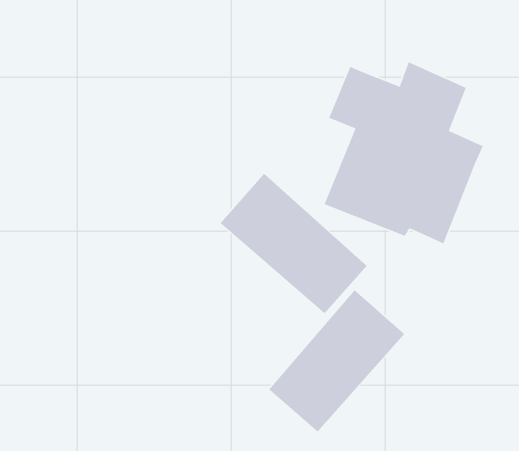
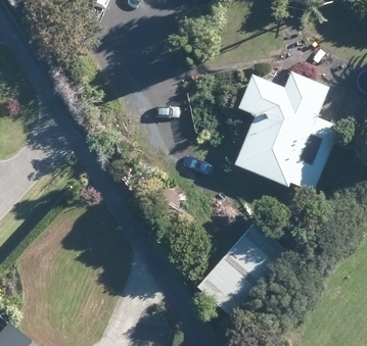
building: [220,173,367,314] -> none

